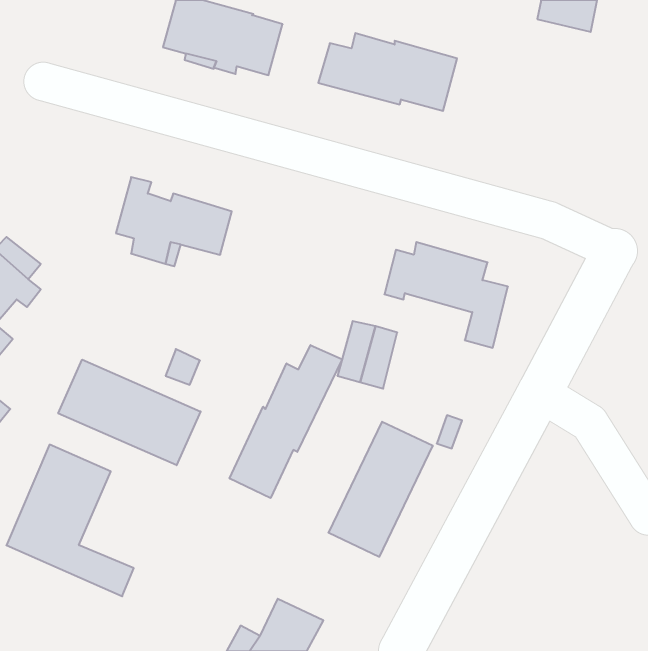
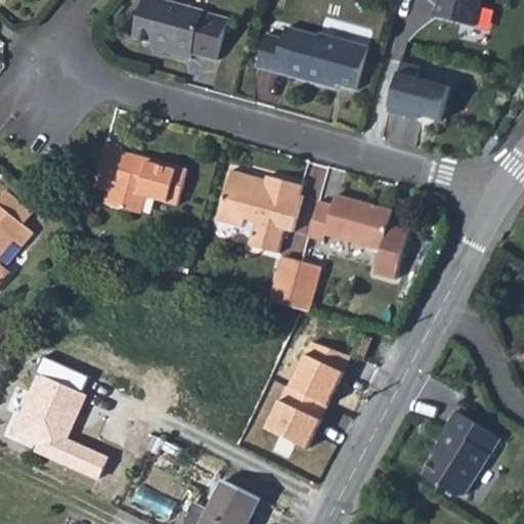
building: none -> [388,62,450,121]
building: none -> [217,170,303,253]
building: [230,345,342,498] -> none
building: [58,360,201,465] -> none
building: none -> [422,411,499,499]

